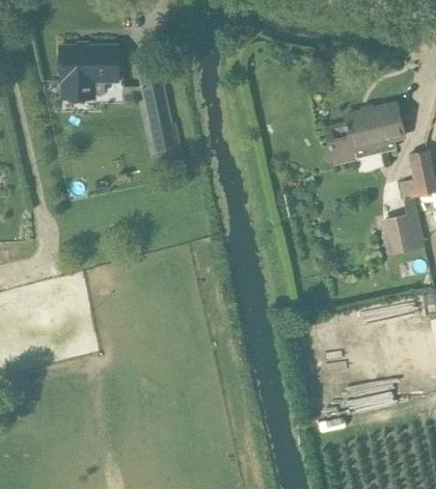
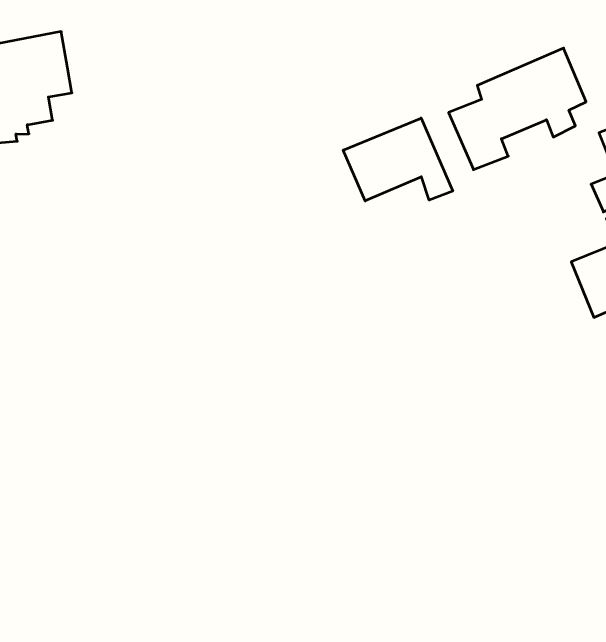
building: [140,83,179,161] -> none
building: none -> [343,118,453,201]

